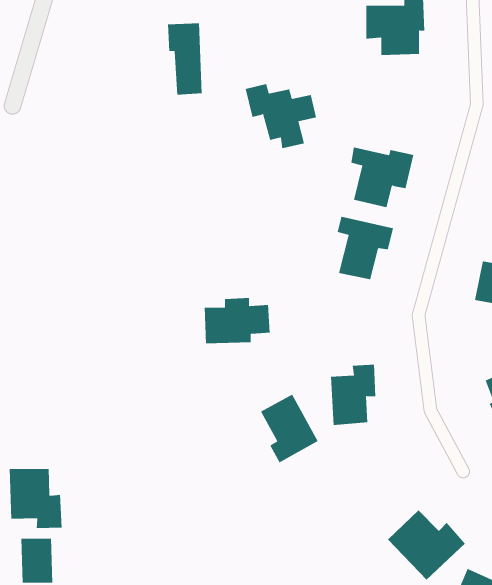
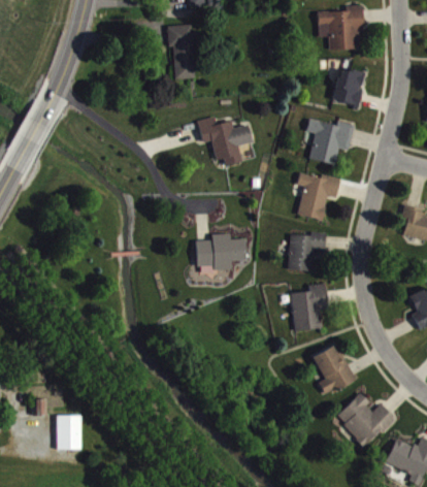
building: none -> [333,67,365,106]
building: [245,84,317,149] -> [198,117,253,166]
building: none -> [289,232,326,270]
building: [260,394,318,463] -> [311,344,356,396]
building: [9,468,62,529] -> none

